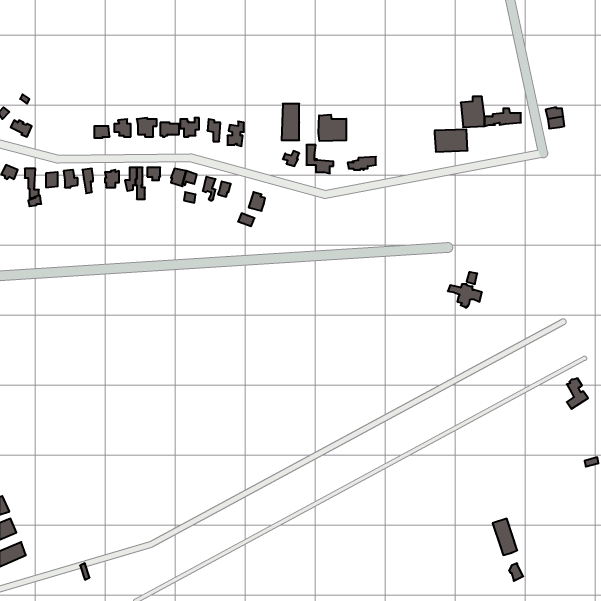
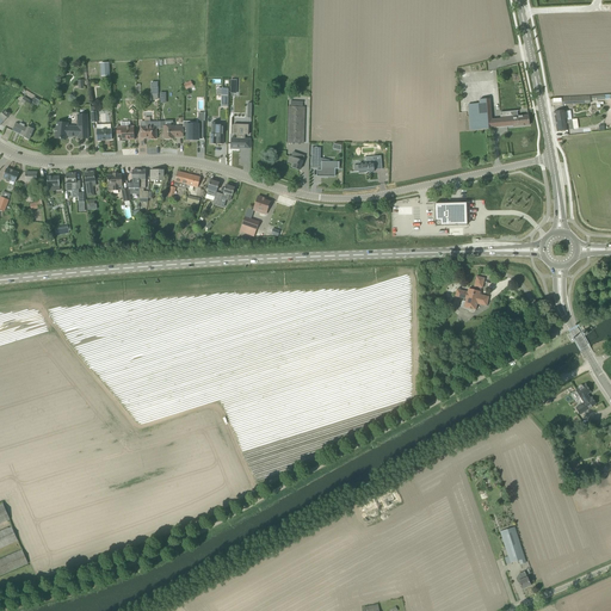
building: none -> [54,113,87,138]
building: [319,115,346,141] -> none
building: [435,129,468,152] -> [433,202,467,224]

